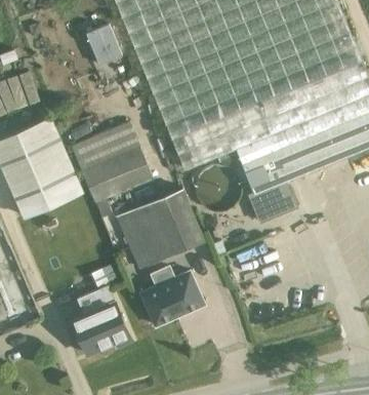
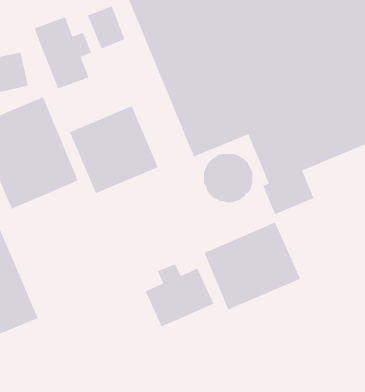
building: none -> [33,16,92,90]
building: [116,188,206,270] -> [203,221,301,310]
building: [71,285,129,356] -> none

